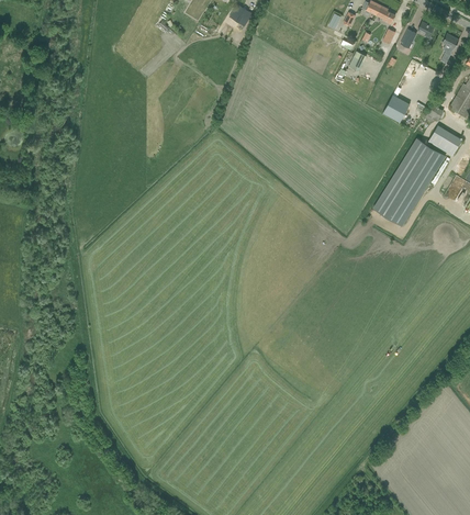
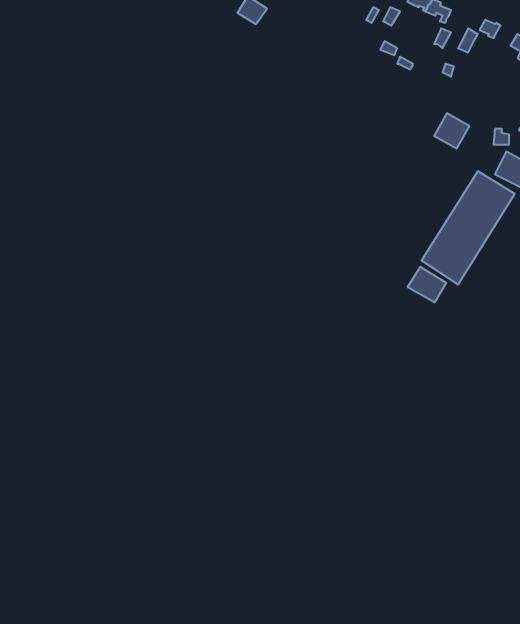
building: none -> [408,267,446,303]

